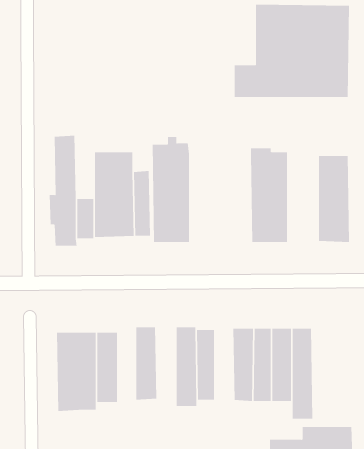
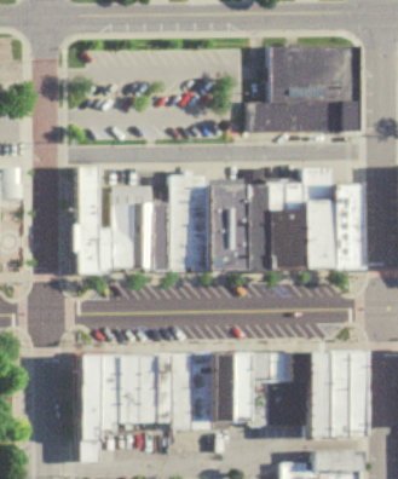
building: none -> [301,165,330,271]
building: none -> [207,186,266,271]
building: none -> [174,352,194,427]
building: none -> [324,352,363,440]
building: none -> [231,353,249,422]
building: none -> [138,357,155,425]
building: none -> [80,432,100,462]

